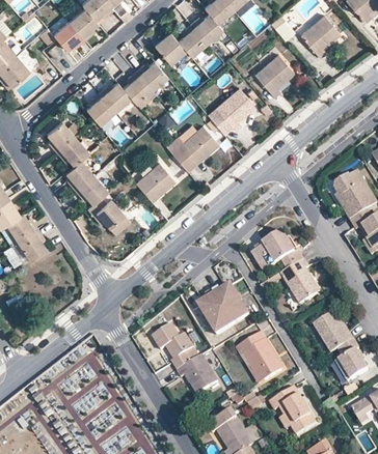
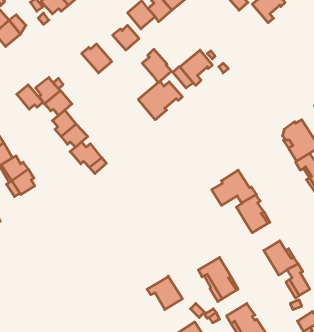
building: [255,55,294,96] -> none
building: [123,72,157,111] -> [142,49,171,83]
building: [85,93,114,124] -> none
building: none -> [17,85,43,109]
building: [135,164,173,202] -> none
building: [198,285,250,336] -> none
building: [153,324,199,370] -> none

